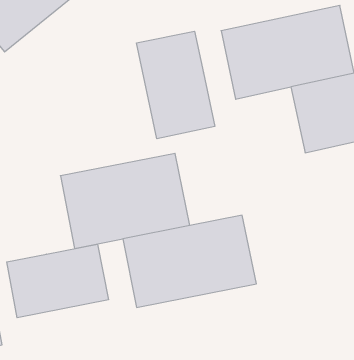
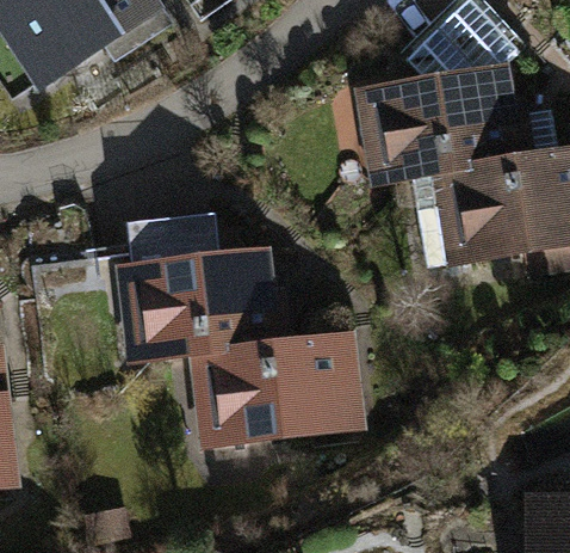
building: [137,31,215,139] -> none
building: [7,244,108,318] -> none

